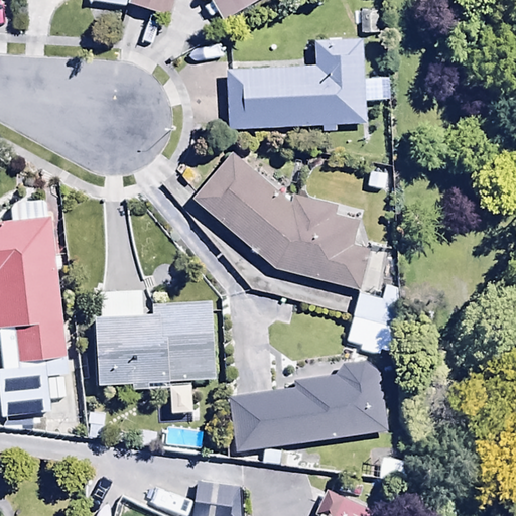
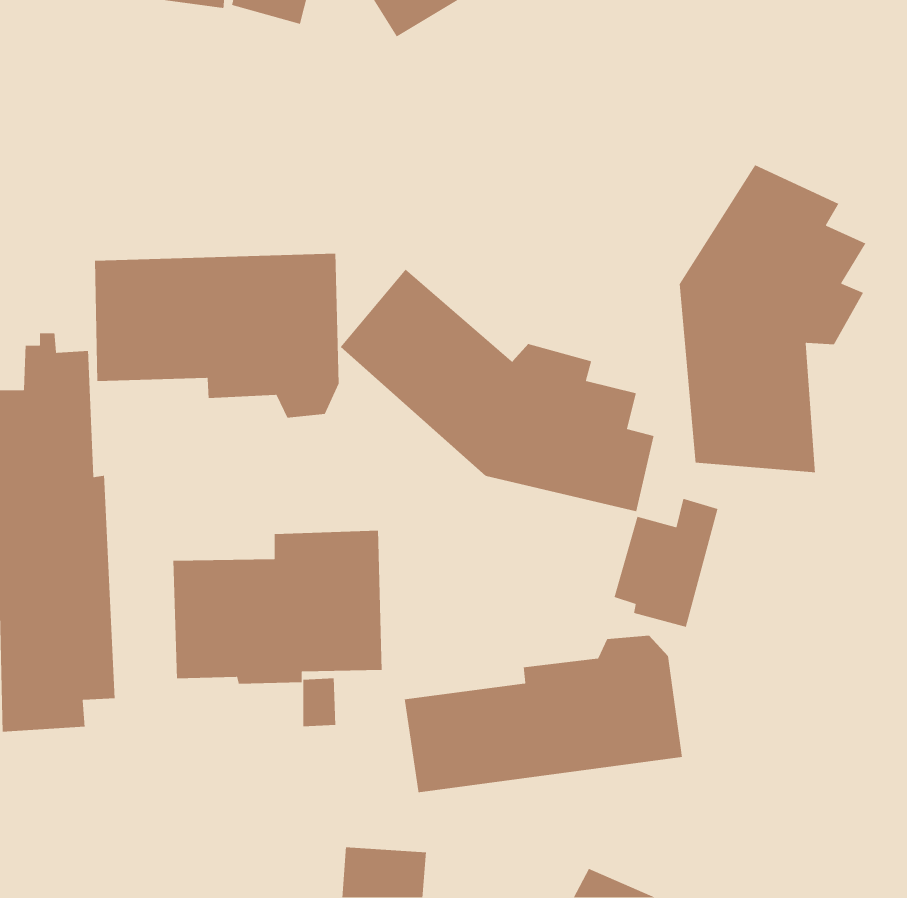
building: [225,38,383,131] -> none
building: none -> [679,164,866,473]
building: none -> [94,253,339,418]

